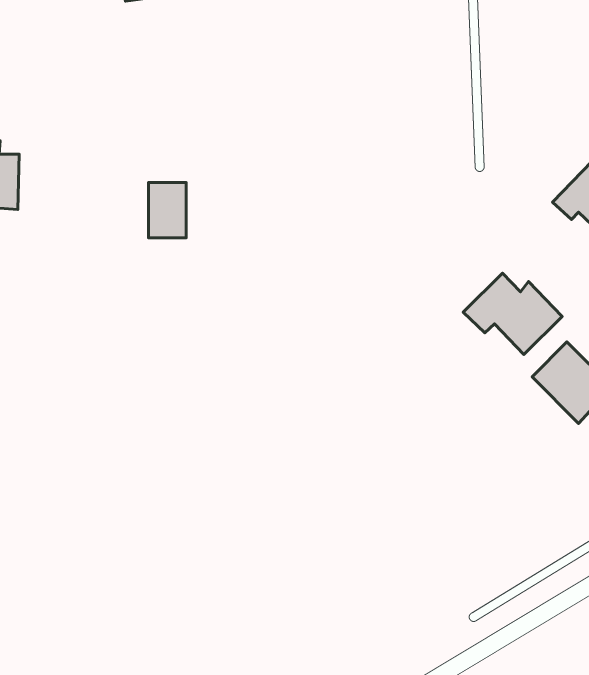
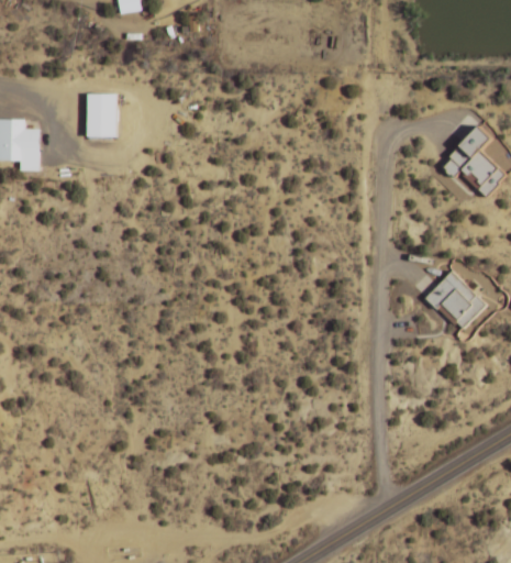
building: [148,183,186,238] -> [87,93,115,135]
building: [463,273,562,355] -> none

